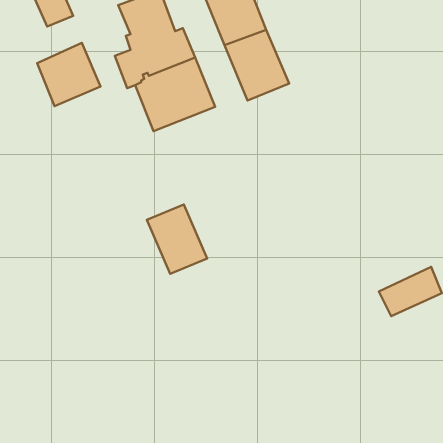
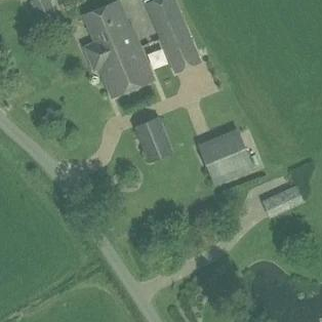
building: [37,43,100,106] -> none
building: none -> [198,129,255,188]
building: [147,204,207,274] -> [133,116,173,162]

